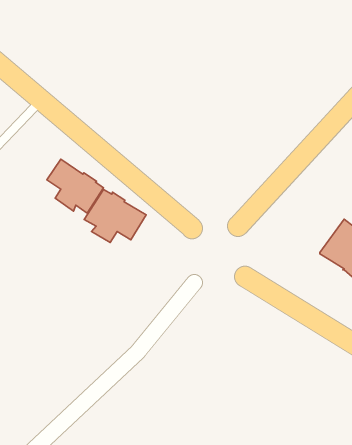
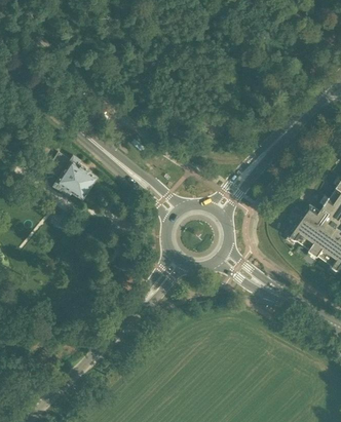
building: [84,189,146,242] -> none

